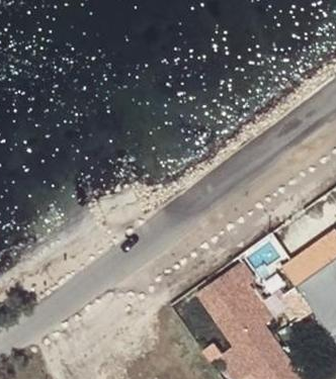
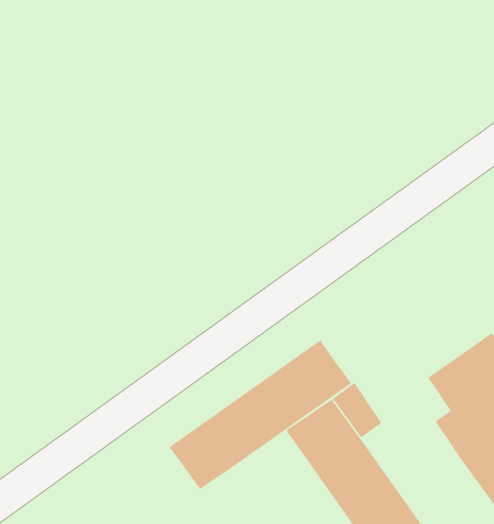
building: none -> [169,339,352,490]

